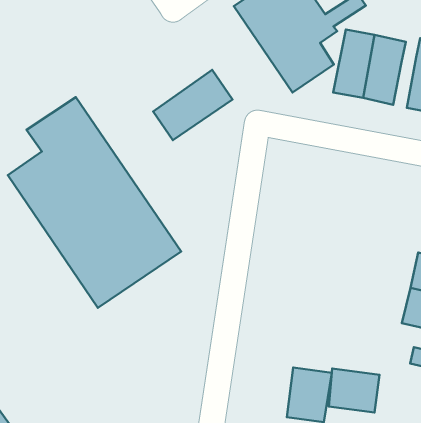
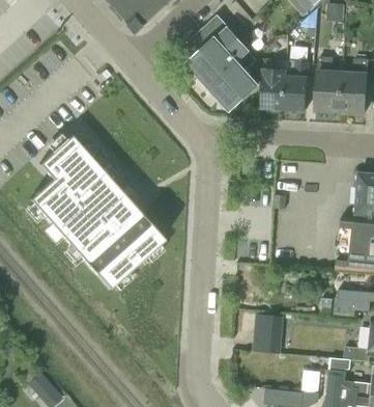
building: [153,70,233,140] -> none
building: [329,369,380,412] -> none

